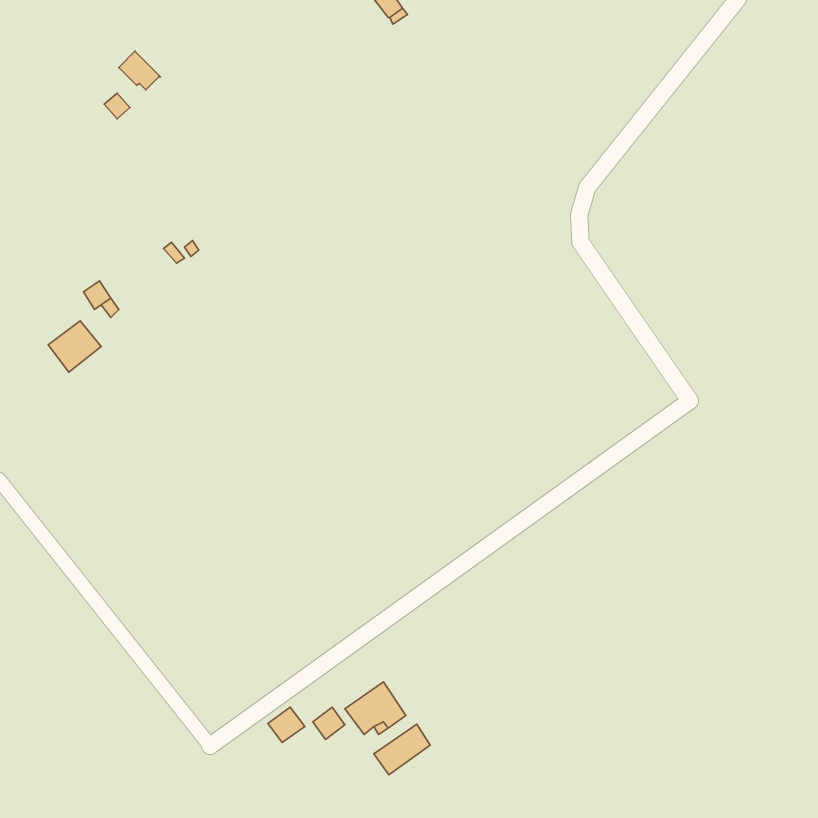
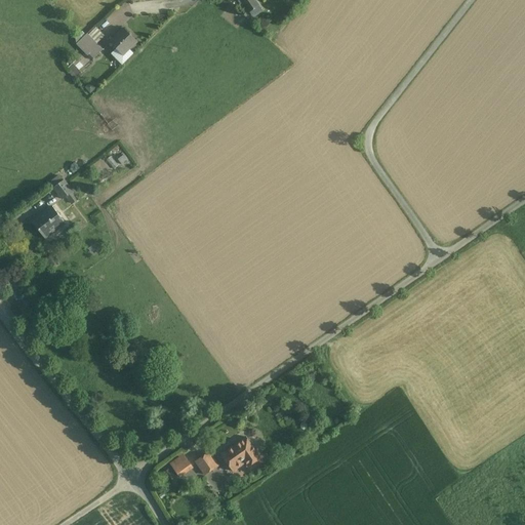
building: none -> [110,28,136,55]
building: [374,724,430,775] -> none

